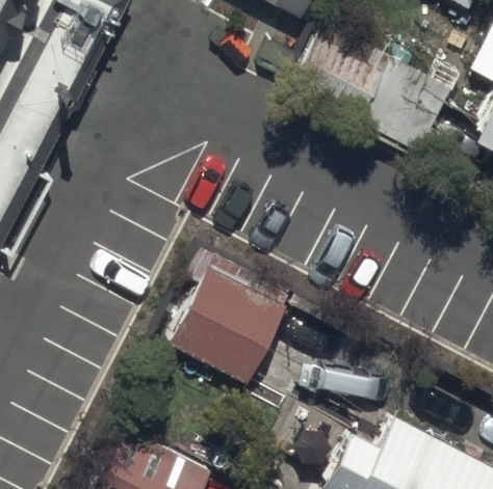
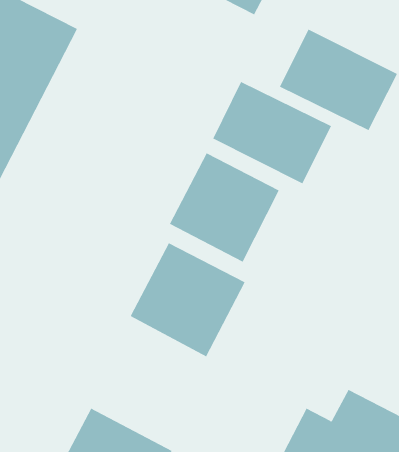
building: none -> [212,81,332,184]
building: none -> [169,153,280,262]

